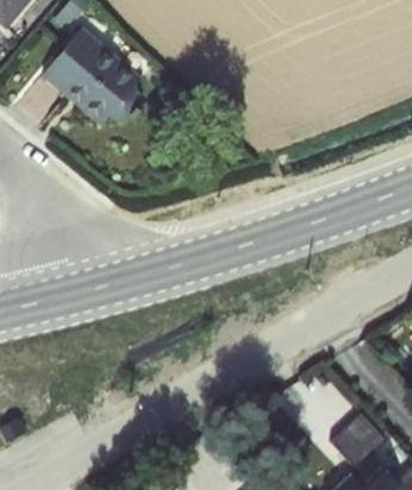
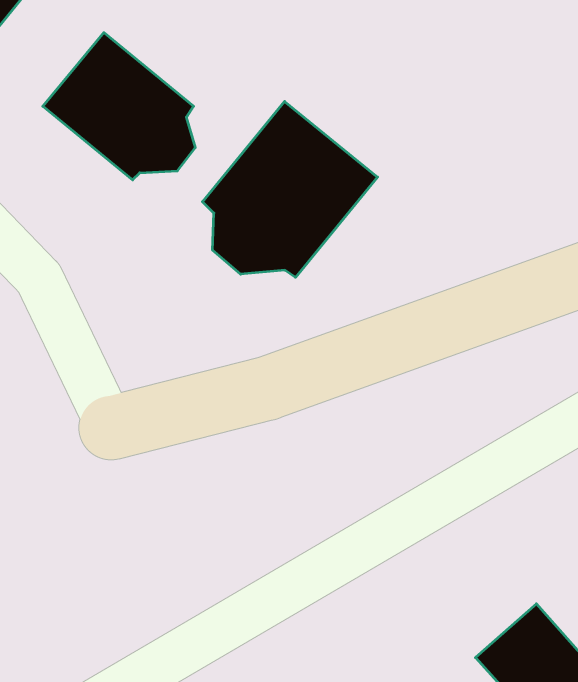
building: none -> [202,101,378,277]

